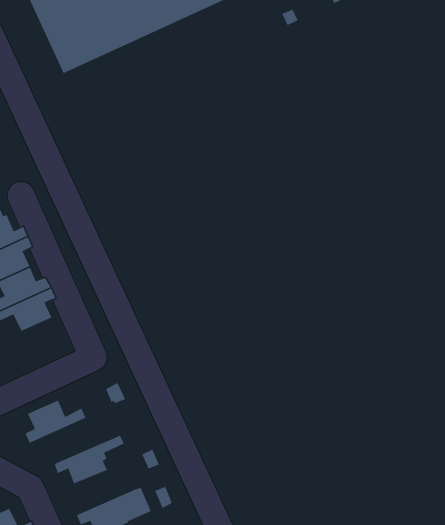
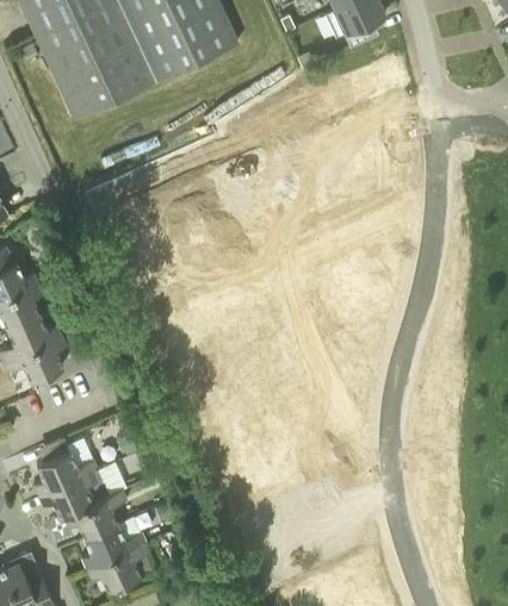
building: none -> [39,462,128,518]
building: none -> [82,518,147,568]

